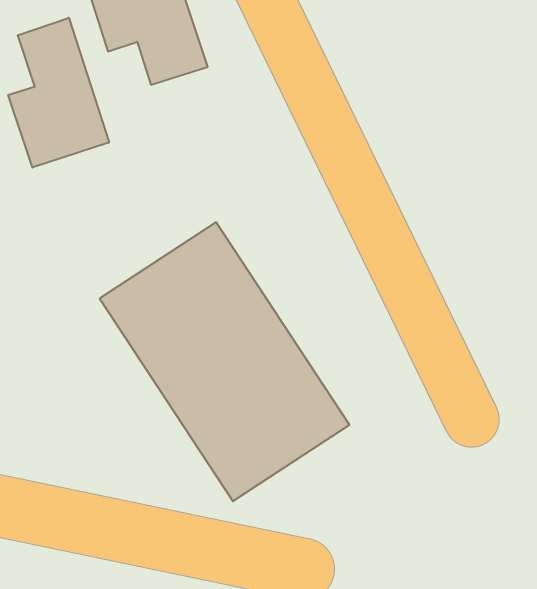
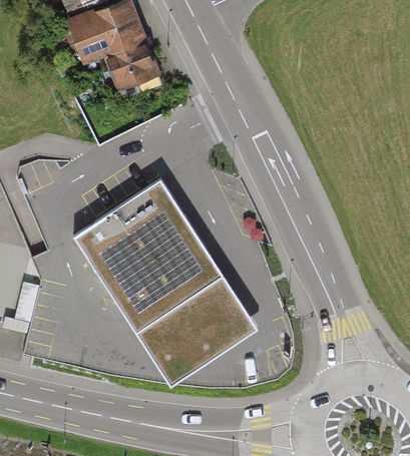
building: [8,18,109,168] -> none

